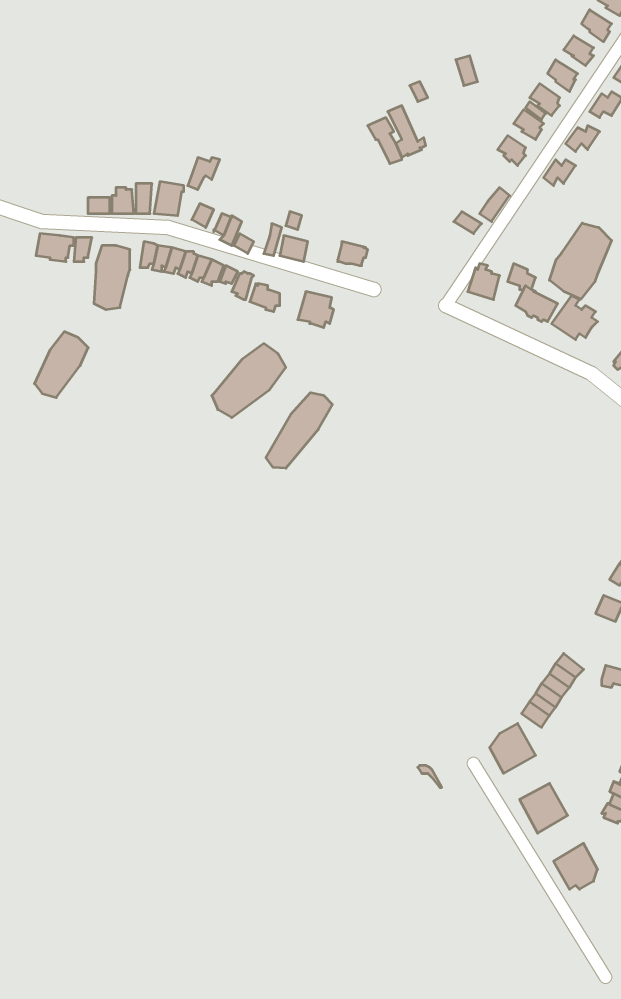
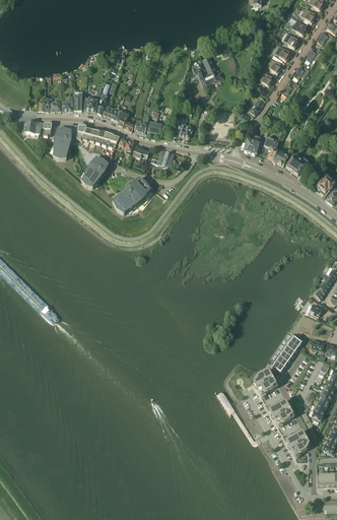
building: [549,223,612,299] -> none
building: [34,332,88,398] -> [81,154,109,188]
building: [266,393,332,468] -> none

